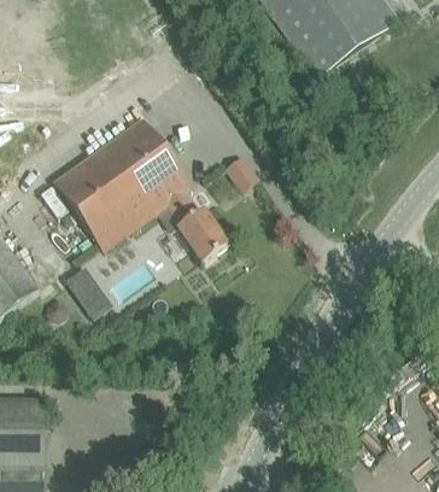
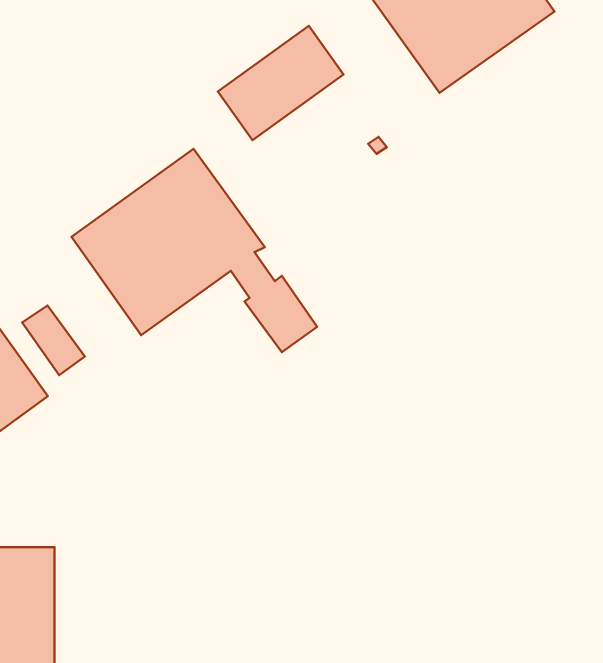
building: none -> [218,26,343,140]
building: [65,268,110,317] -> [22,306,85,375]

